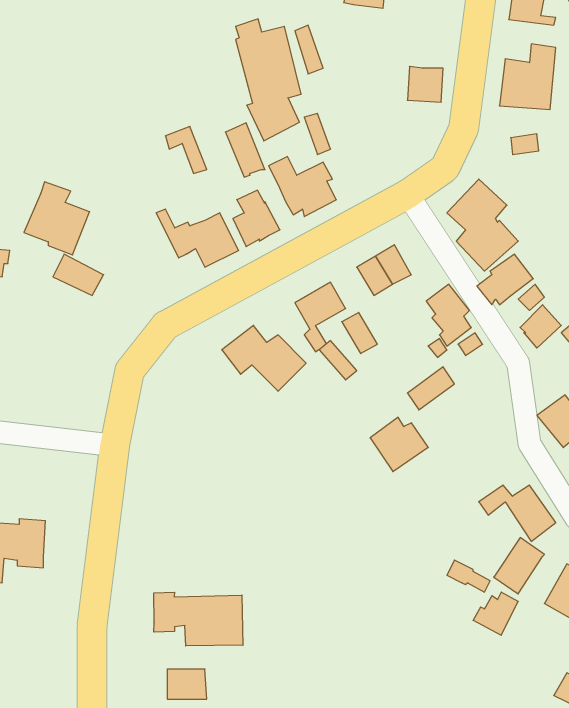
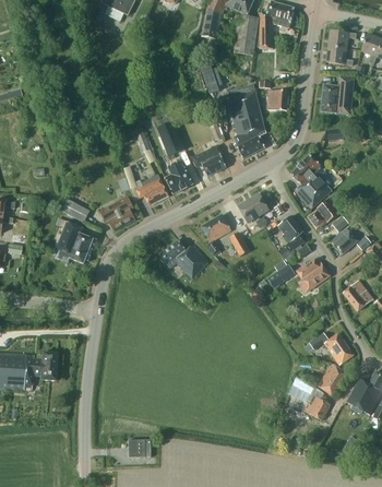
building: [236,19,301,141] -> [227,86,265,157]
building: [24,182,90,255] -> [56,221,94,263]
building: none -> [100,197,135,230]
building: [370,417,428,472] -> [297,258,331,289]
building: [154,592,243,646] -> none

